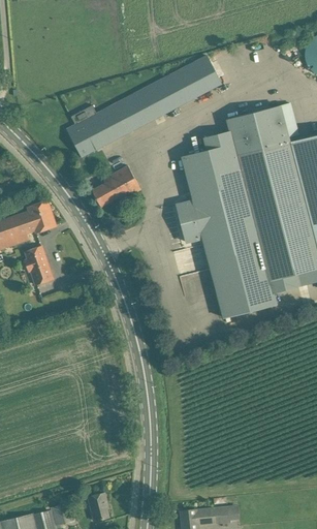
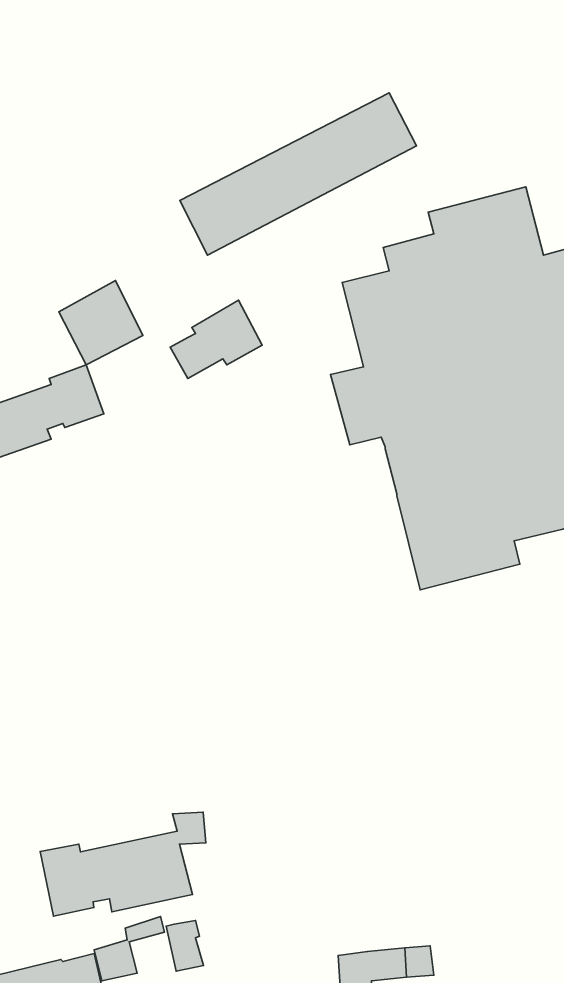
building: [67,113,112,157] -> [59,281,143,365]
building: [24,246,53,285] -> none
building: none -> [40,812,206,916]

